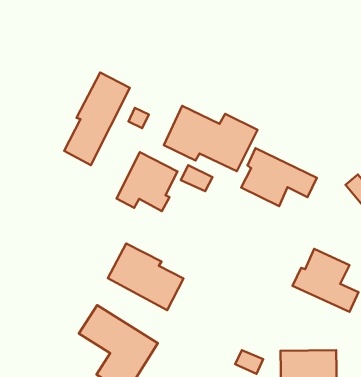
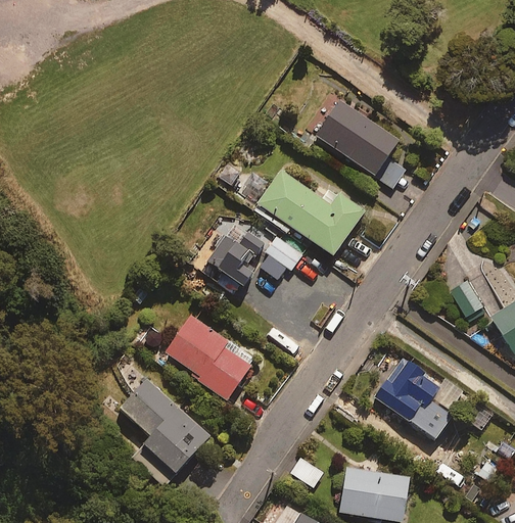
building: none -> [316,99,409,190]
building: [64,73,130,165] -> none
building: [241,148,317,206] -> none

